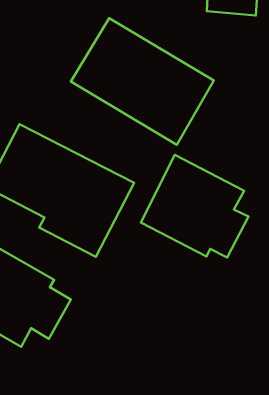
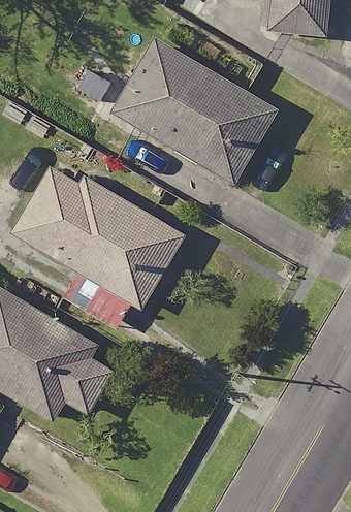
building: [141,155,248,257] -> none

